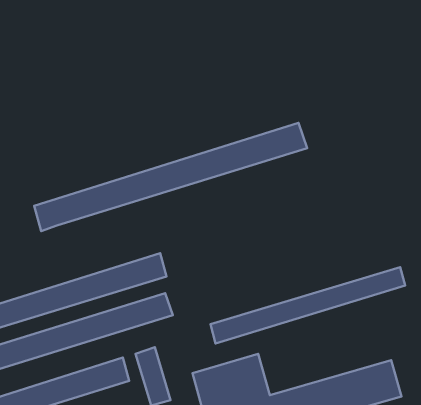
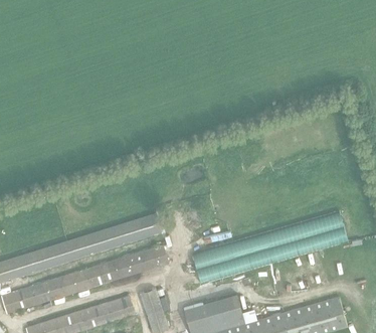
building: [34,123,307,231] -> none
building: none -> [192,208,345,269]

